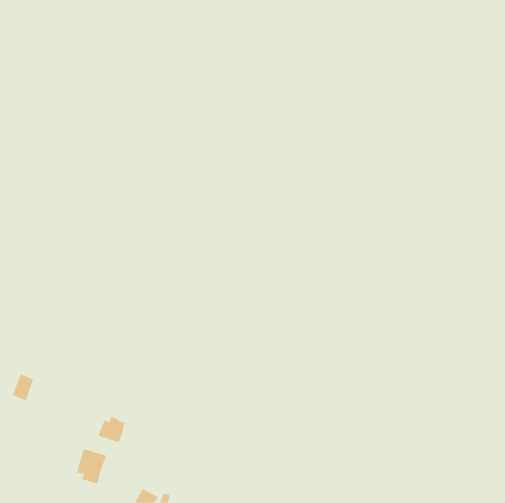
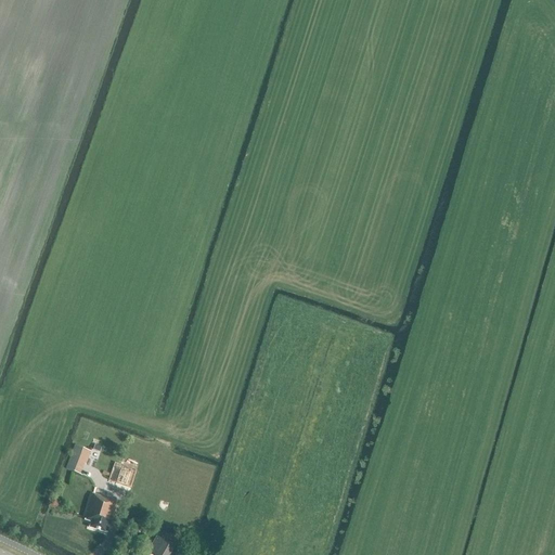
building: [12,373,34,401] -> [66,443,90,474]

